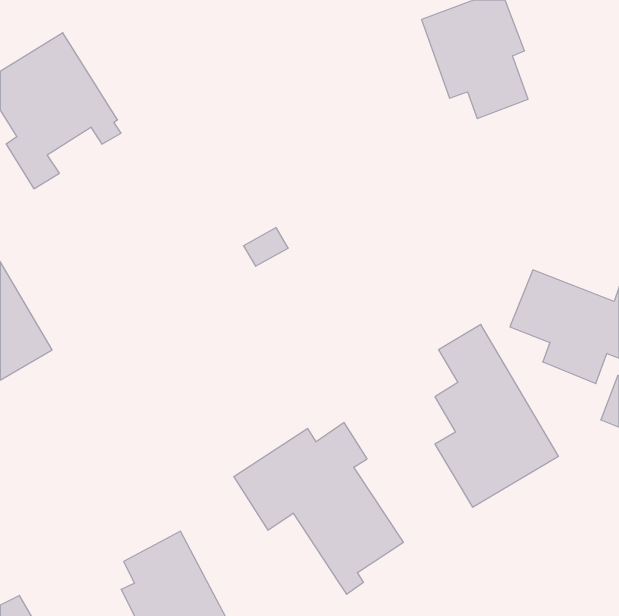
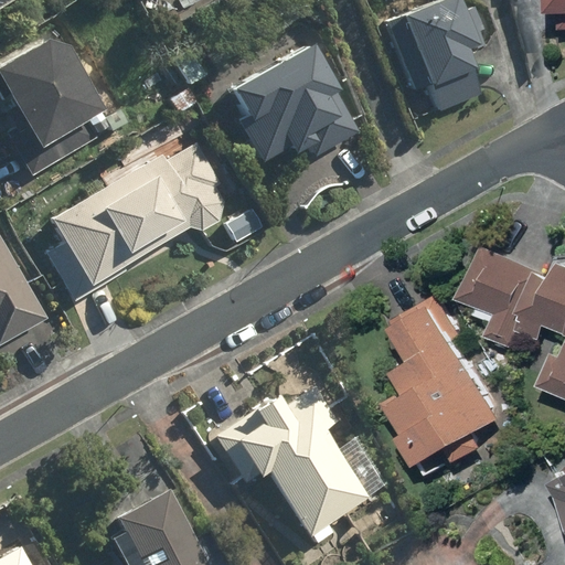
building: none -> [230,41,356,162]
building: none -> [41,146,223,302]

